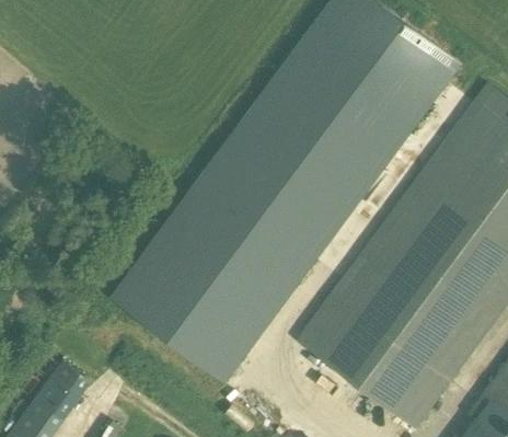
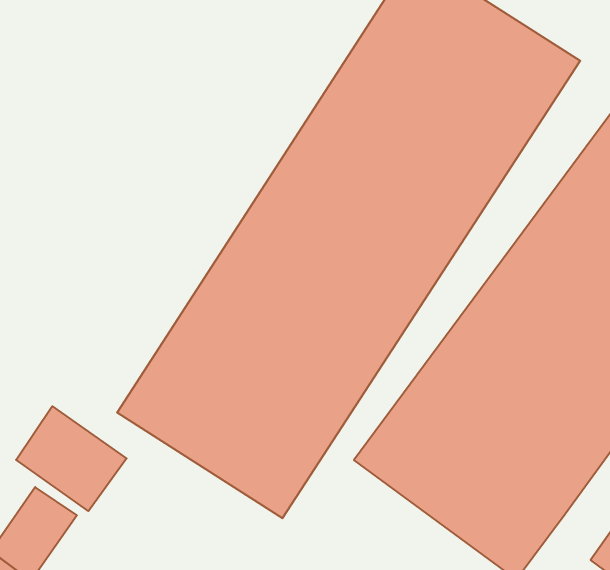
building: none -> [16,406,127,511]

